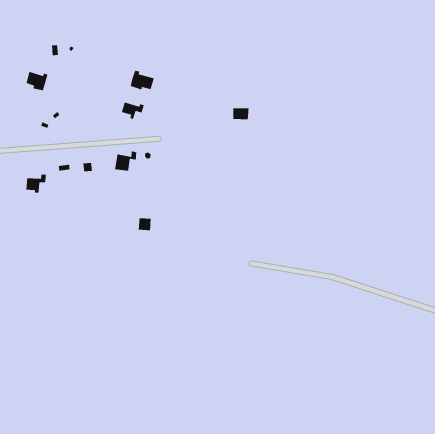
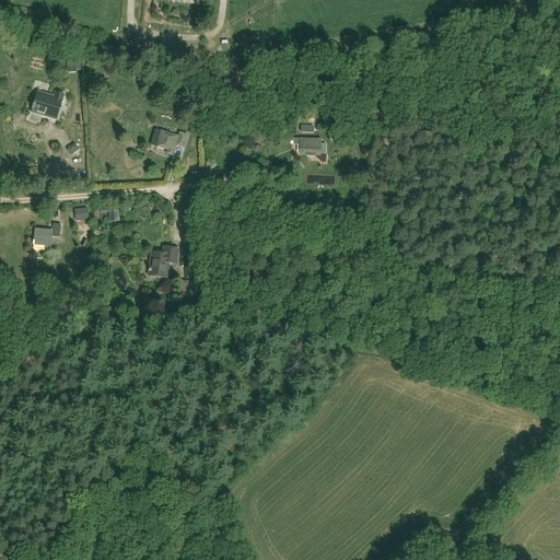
building: [130,70,155,91] -> none
building: [114,150,137,171] -> [148,247,177,275]

